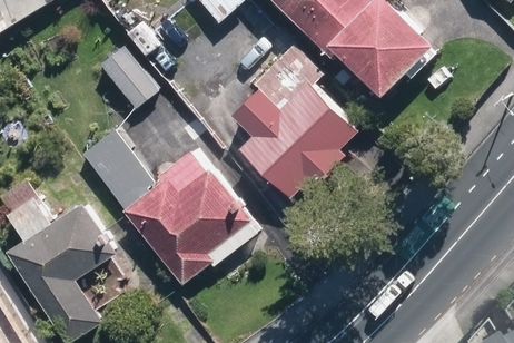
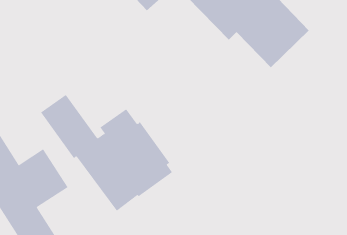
building: [236,47,360,198] -> none
building: [99,49,157,111] -> none

